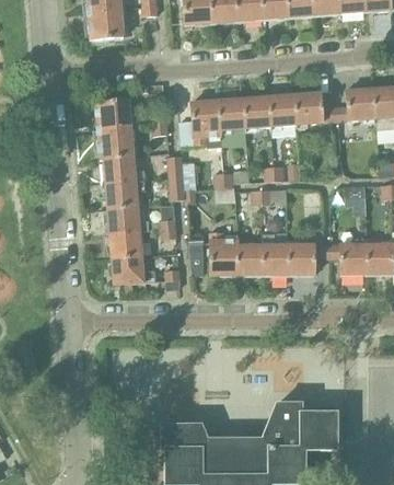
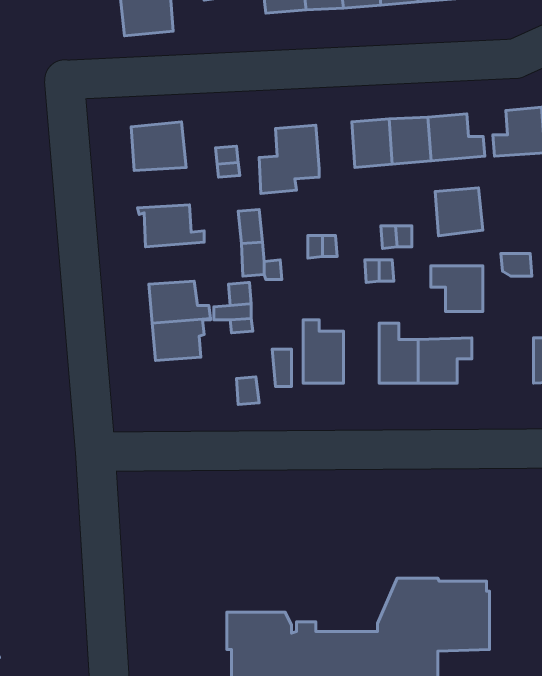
building: [220,97,246,129] -> none
building: [97,128,135,155] -> none
building: none -> [435,188,483,236]
building: [105,178,146,207] -> none
building: [332,243,367,274] -> [431,266,483,311]
building: [239,244,263,274] -> none
building: [112,256,157,284] -> none

